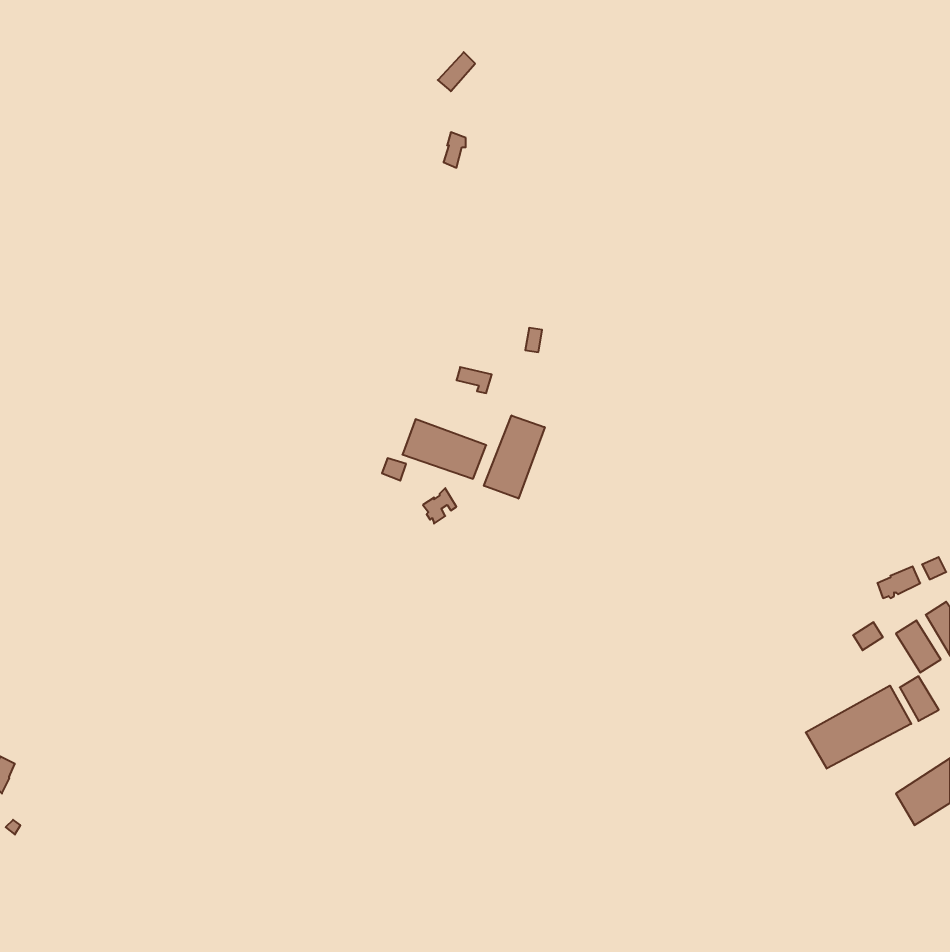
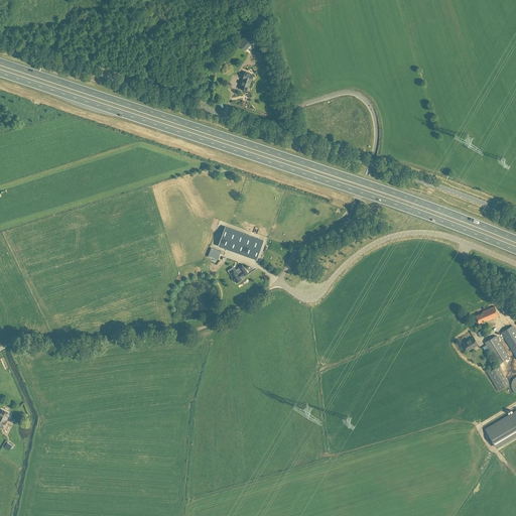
building: [484,415,545,499] -> none
building: [806,686,911,769] -> none

